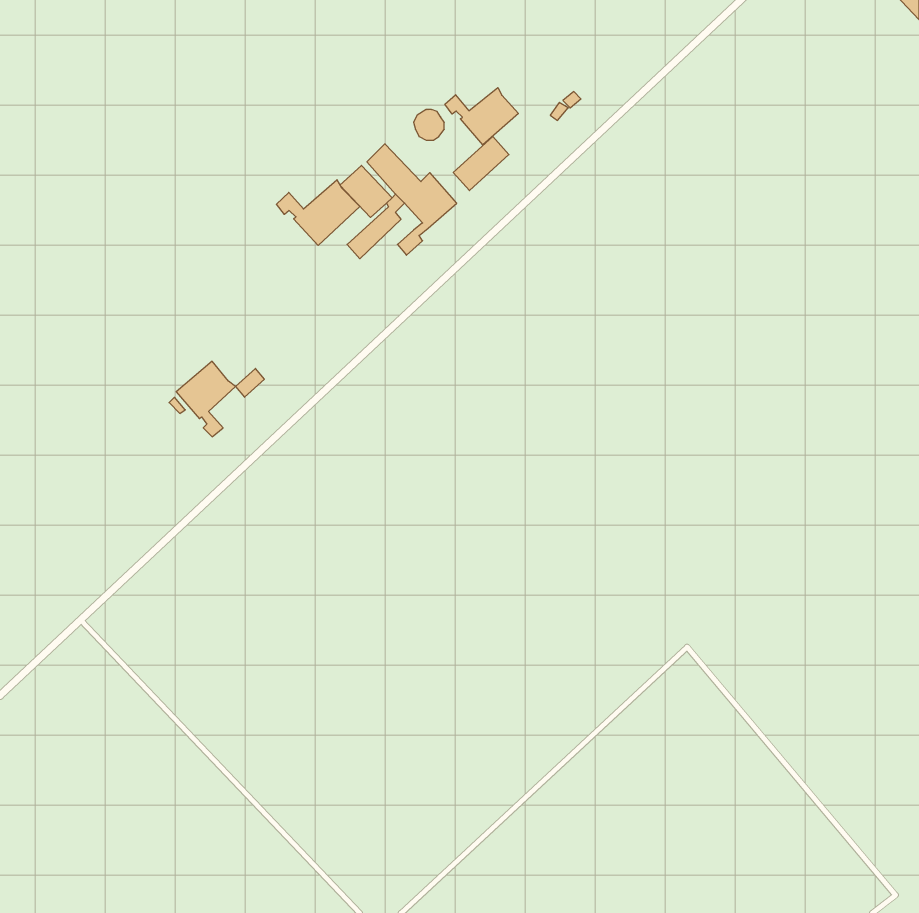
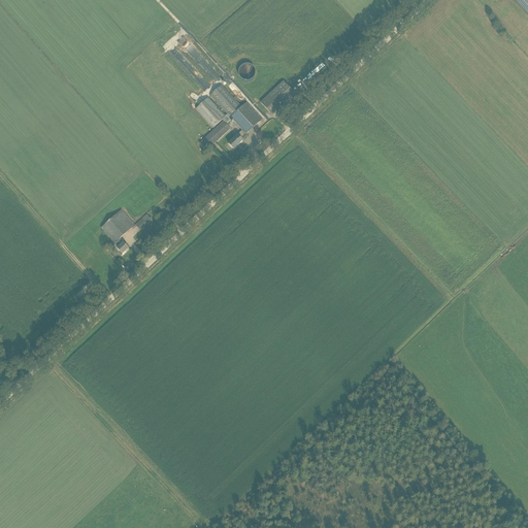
building: [445,88,518,145] -> none
building: [276,180,360,245] -> none

